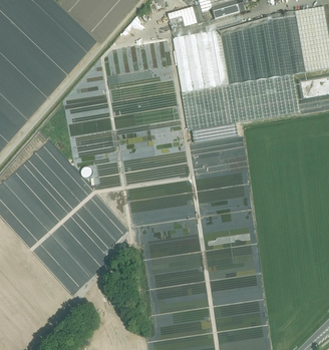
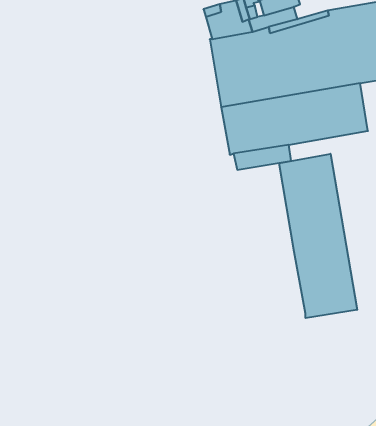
building: none -> [279,154,357,318]

